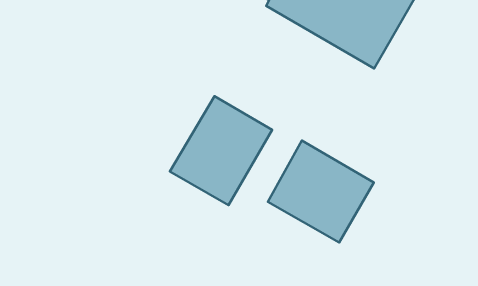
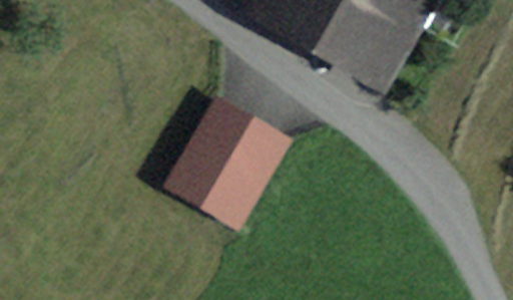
building: [268,141,374,243] -> none

